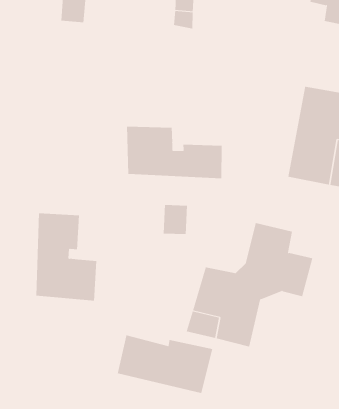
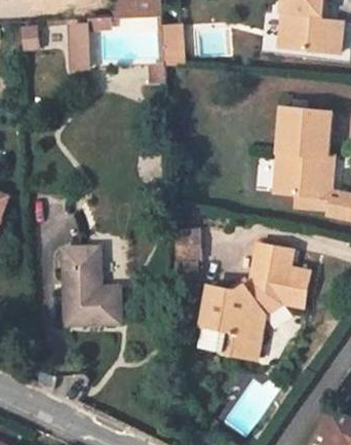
building: [127,126,222,179] -> none
building: [117,334,213,394] -> none

